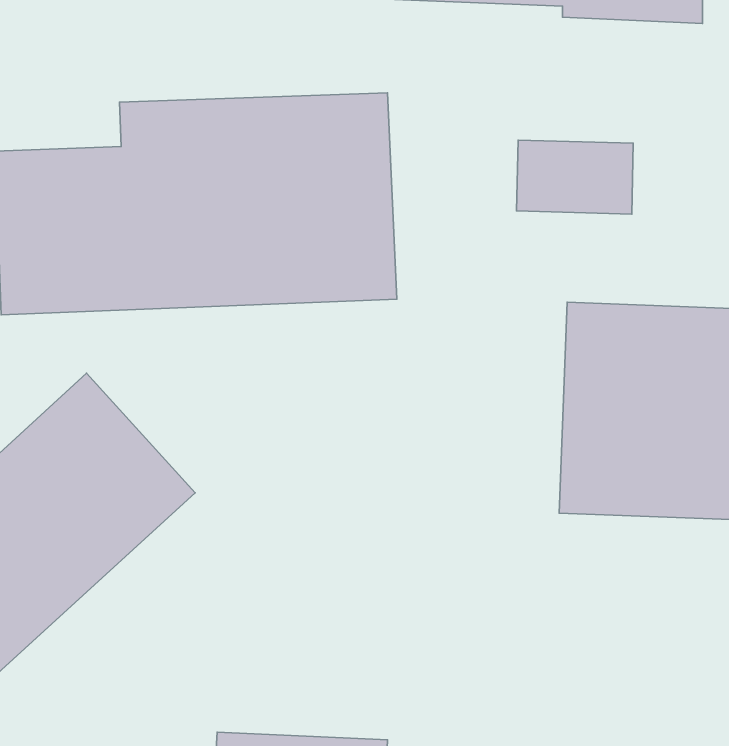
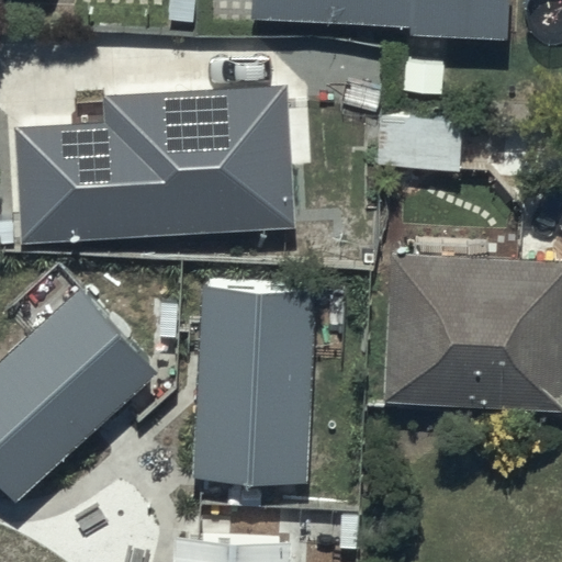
building: none -> [193,284,313,475]

